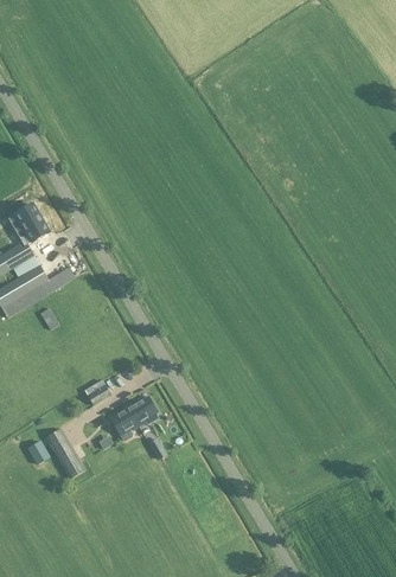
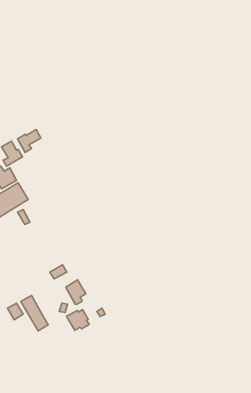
building: none -> [17,130,41,152]
building: [126,396,158,425] -> [67,310,89,330]

